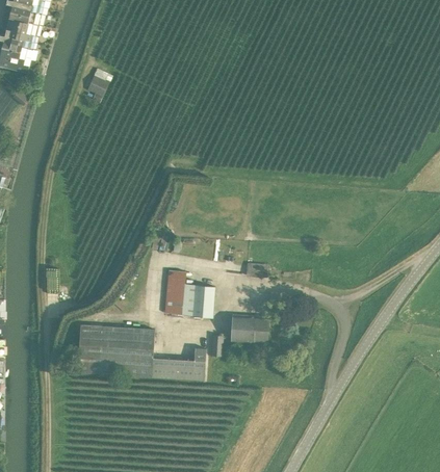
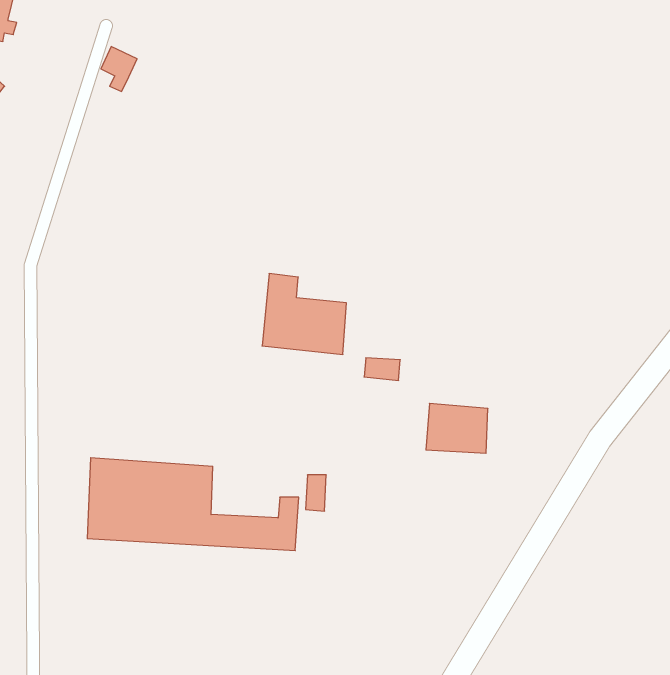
building: [163,268,214,317] -> [262,274,346,354]
building: [230,313,267,343] -> [426,403,488,453]

